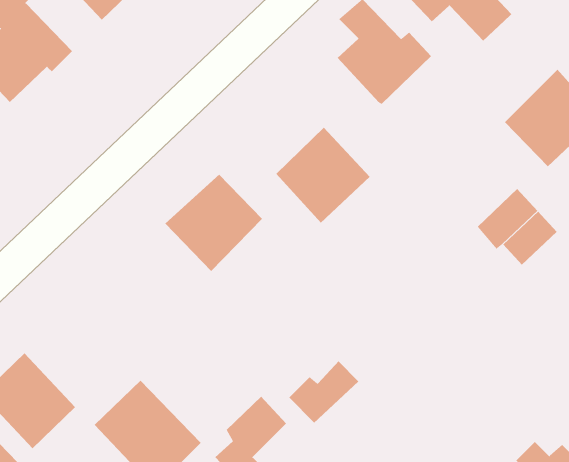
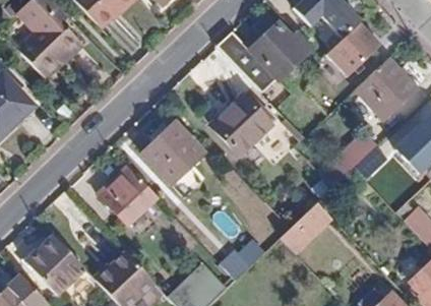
building: none -> [326,22,380,75]
building: none -> [217,30,275,91]
building: none -> [97,166,156,225]
building: none -> [280,200,332,253]

